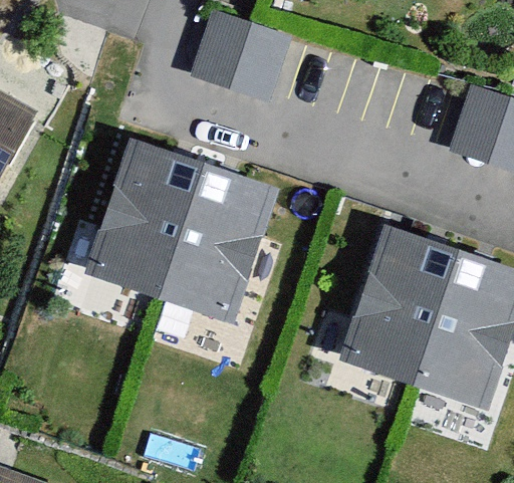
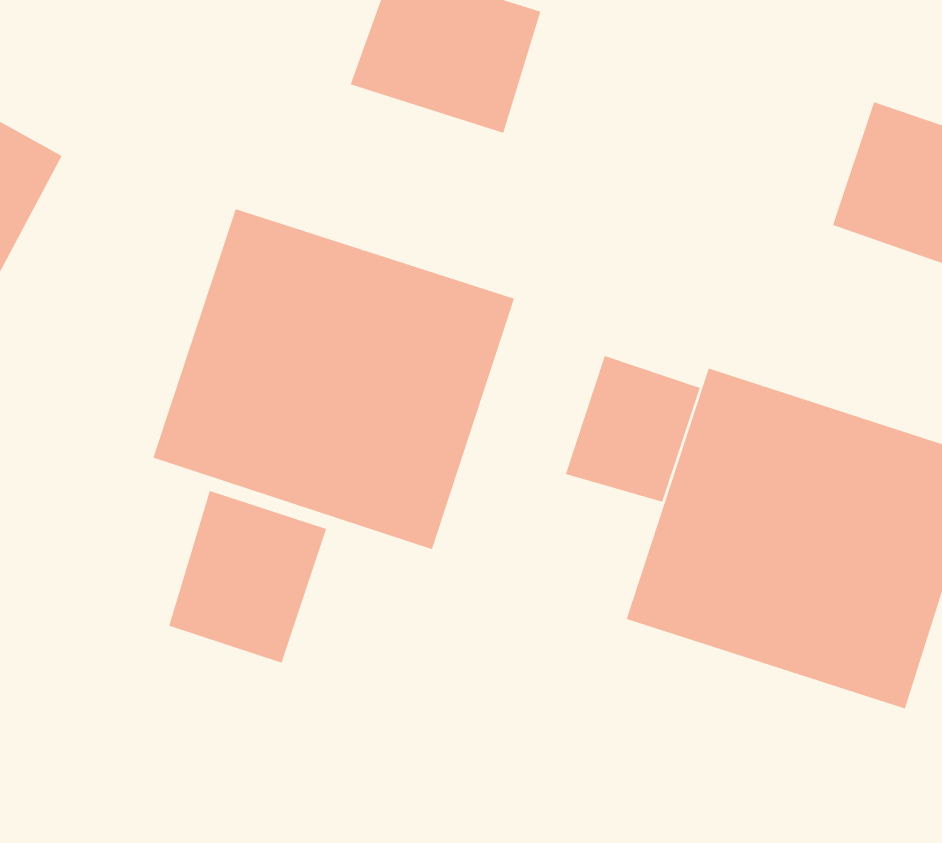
building: none -> [565,355,700,503]
building: none -> [168,490,327,663]

